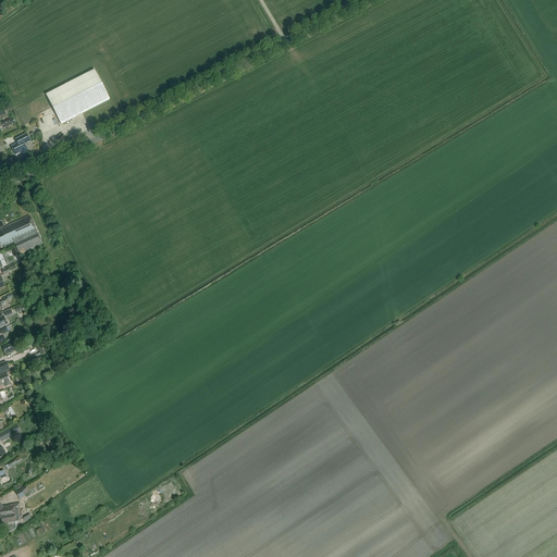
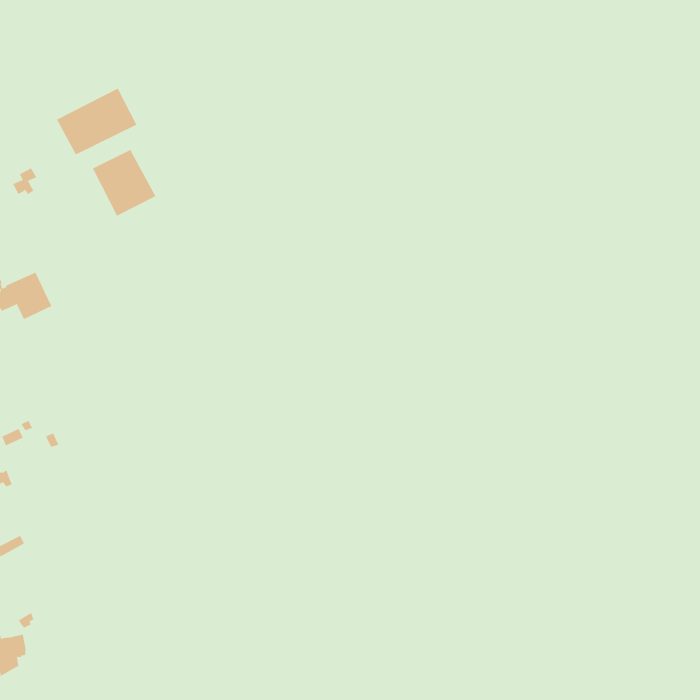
building: none -> [92,149,156,216]

